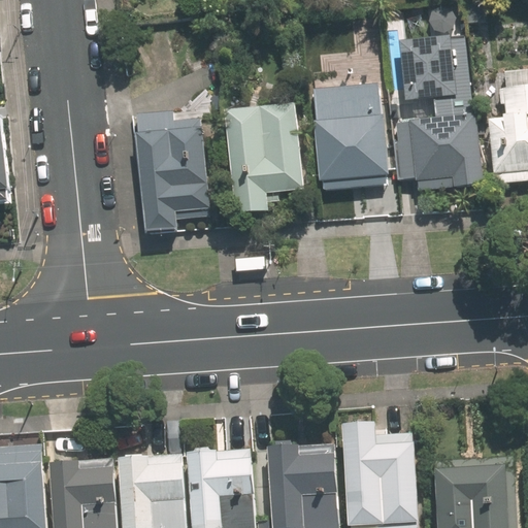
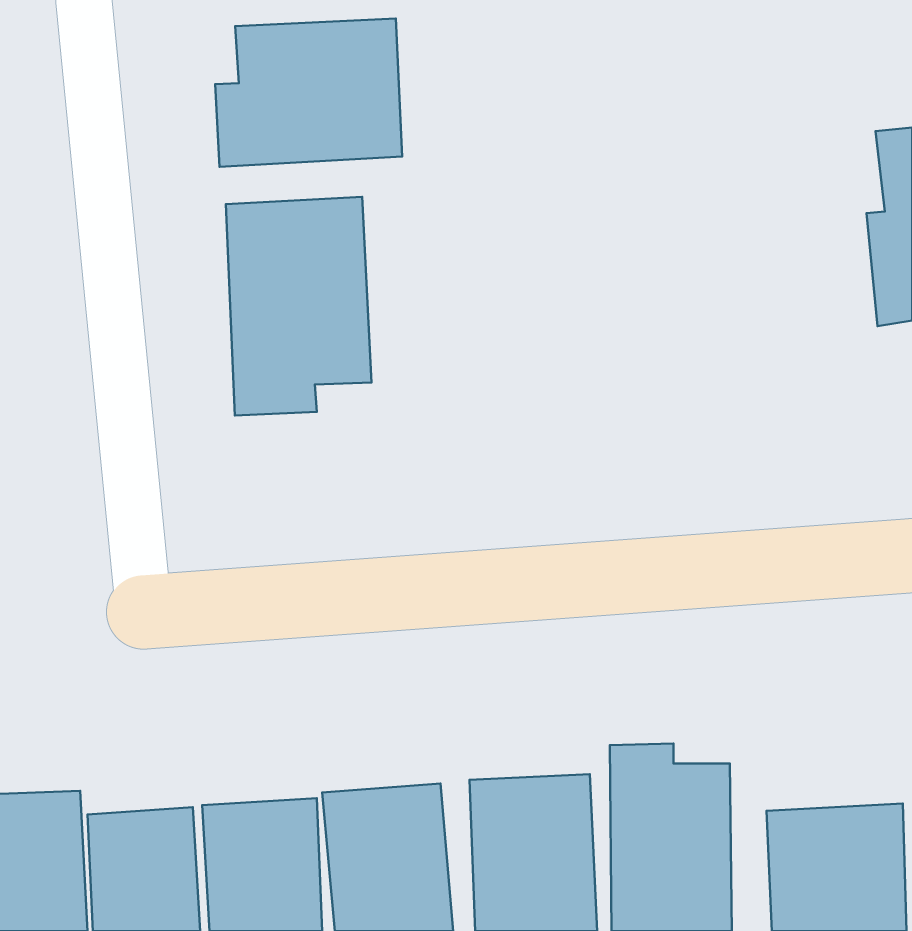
building: none -> [215,18,402,167]
building: [402,28,465,99] -> none
building: [317,95,388,201] -> none
building: [232,110,305,212] -> none
building: [398,118,480,189] -> none

